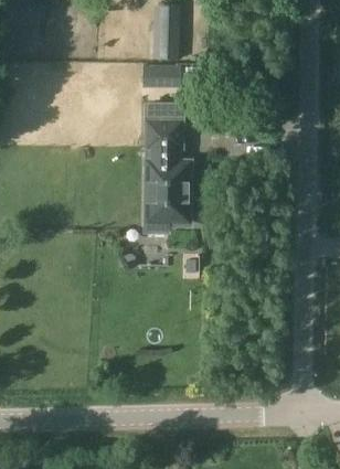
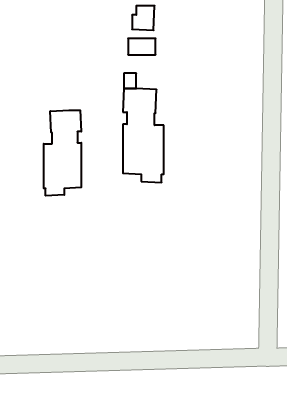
building: none -> [44,110,81,196]

